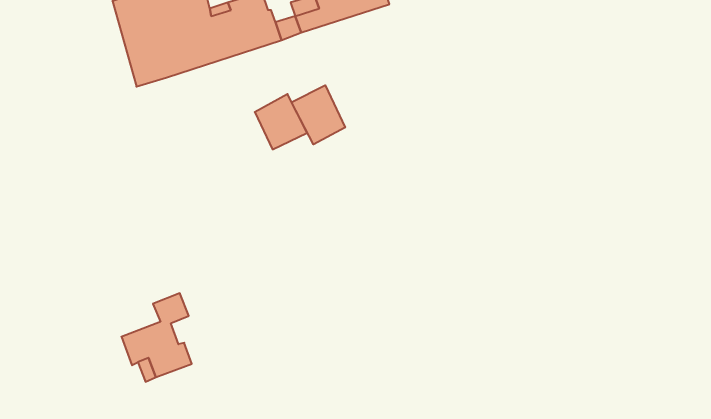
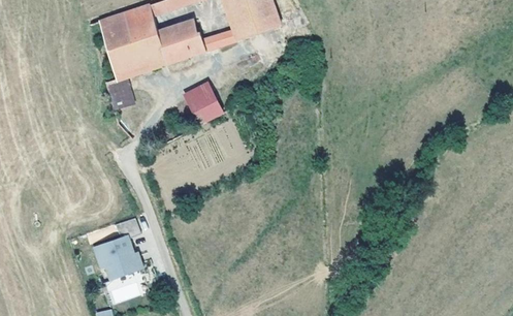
building: none -> [107,75,135,107]
building: [292,85,345,144] -> none

